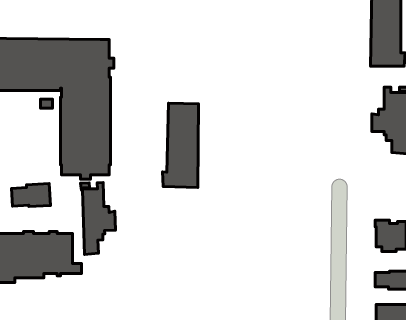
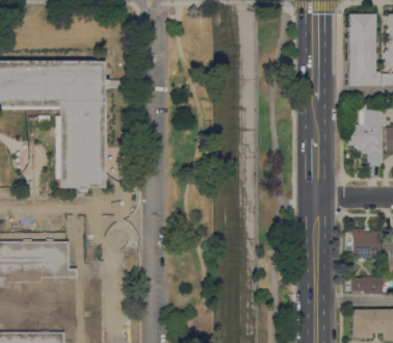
building: [162,103,199,187] -> none
building: [80,183,116,255] -> none
building: [11,184,51,207] -> none

